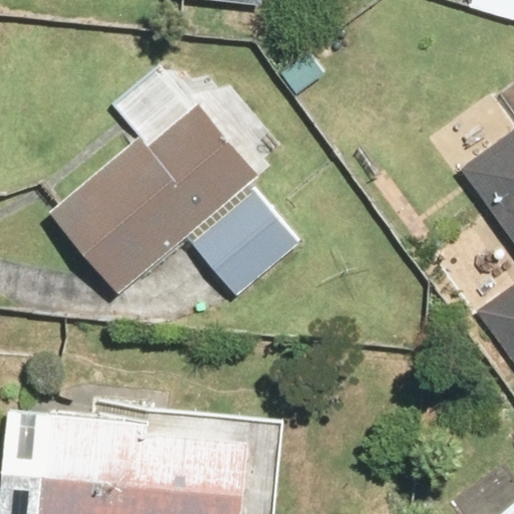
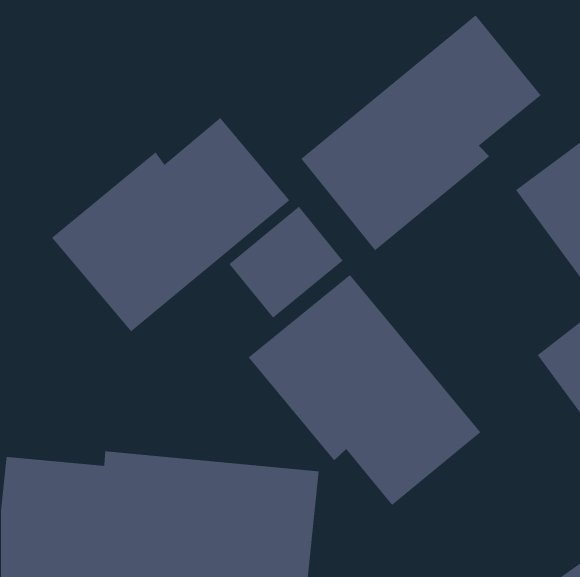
building: none -> [301,14,541,251]
building: none -> [248,274,481,506]

